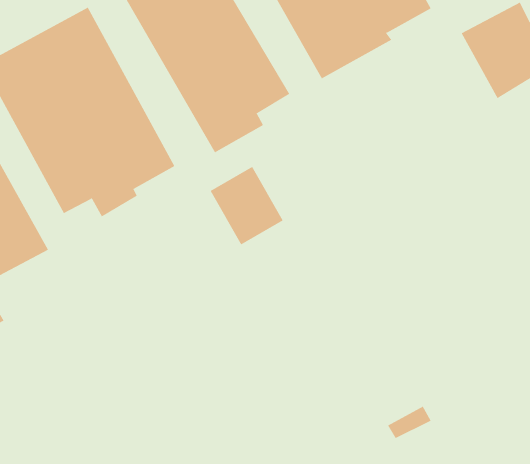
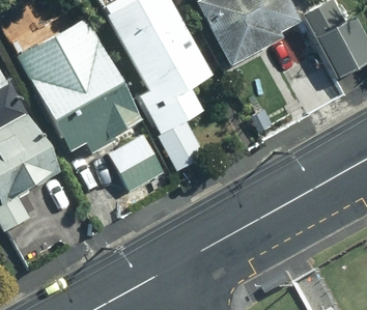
building: none -> [113,135,166,190]

